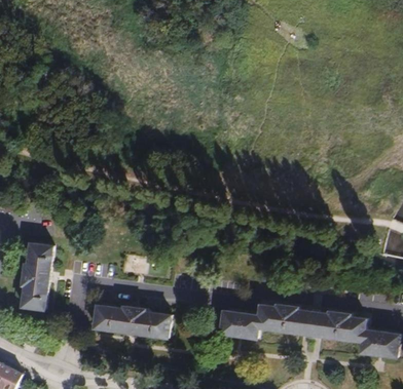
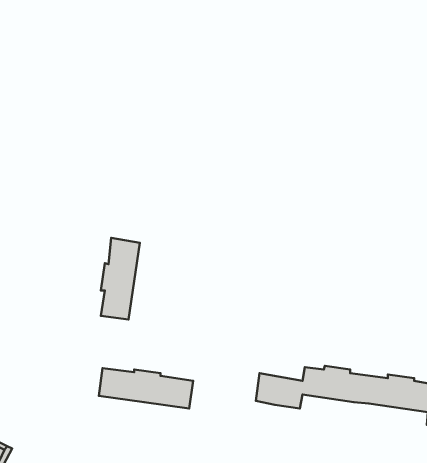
building: [21,242,52,309] -> [101,238,140,320]

